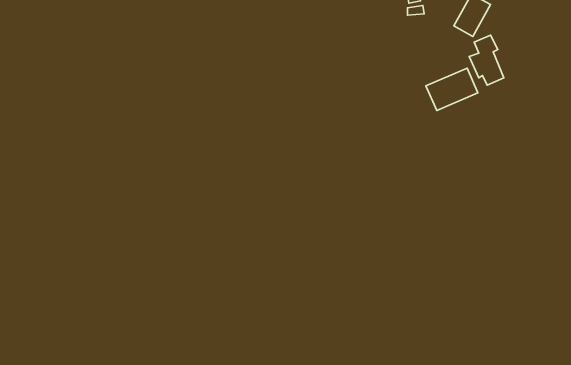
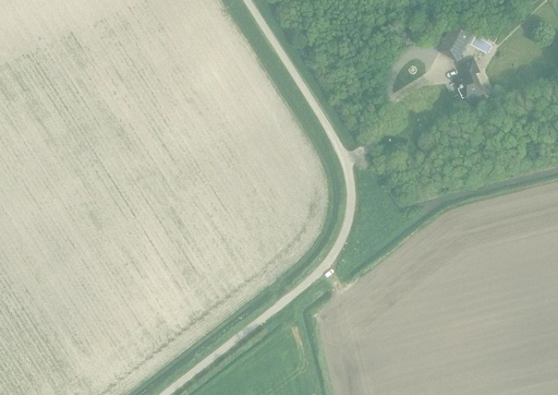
building: [426,68,478,111] -> none

